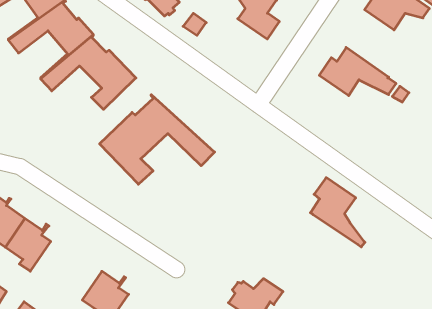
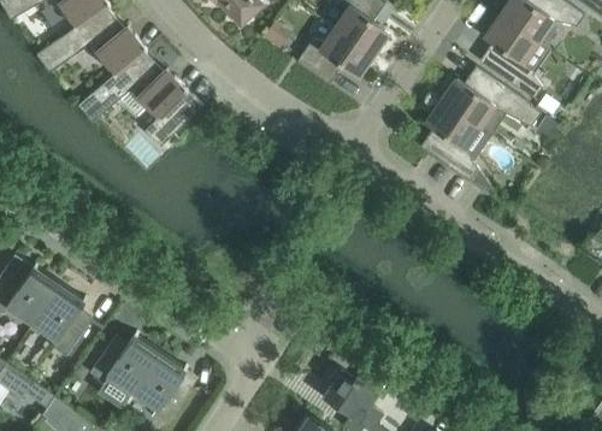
building: none -> [479,16,543,99]
building: none -> [297,28,373,84]
building: [100,95,215,184] -> none
building: [310,178,365,247] -> [420,101,491,191]
building: none -> [89,330,158,394]

